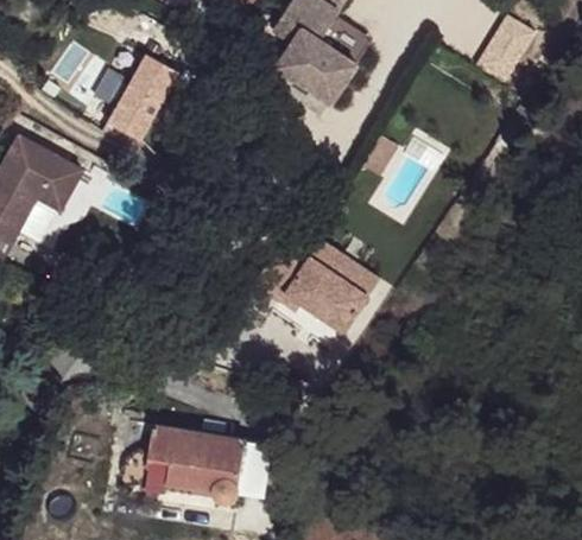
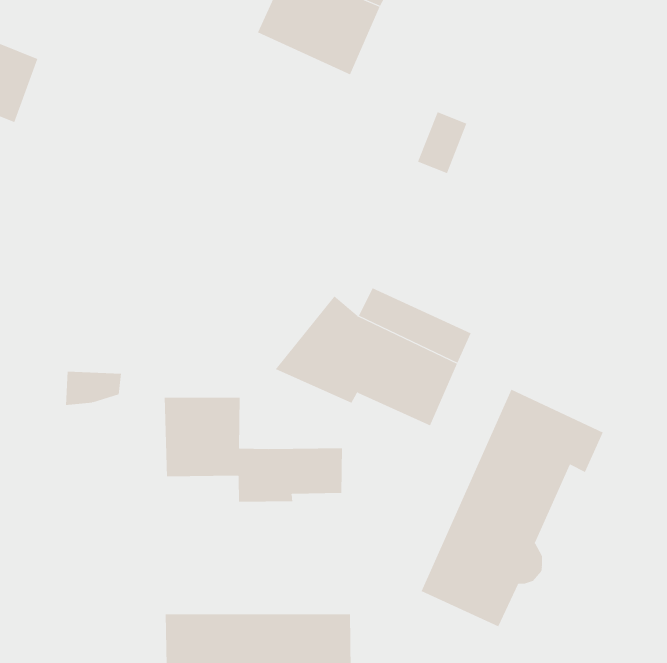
building: [106,55,177,142] -> none
building: none -> [164,397,343,503]
building: none -> [421,389,604,627]

